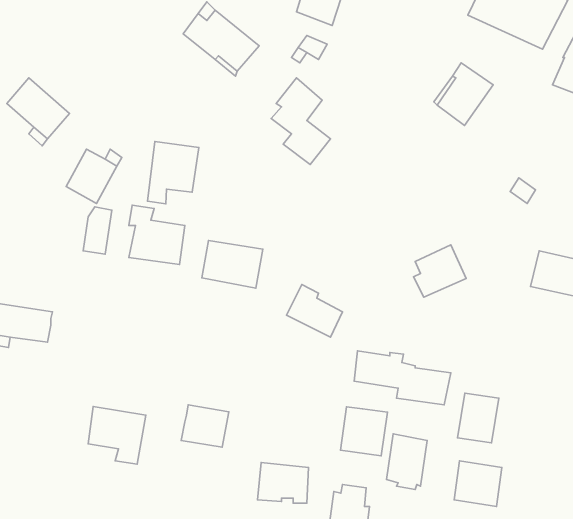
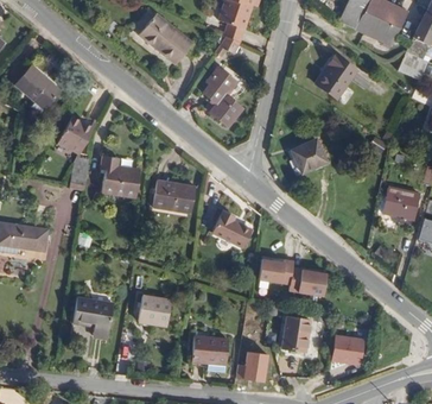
building: [147,142,199,204] -> none
building: [414,245,466,297] -> [290,138,326,175]
building: [457,393,499,443] -> none
building: [340,407,387,456] -> none

